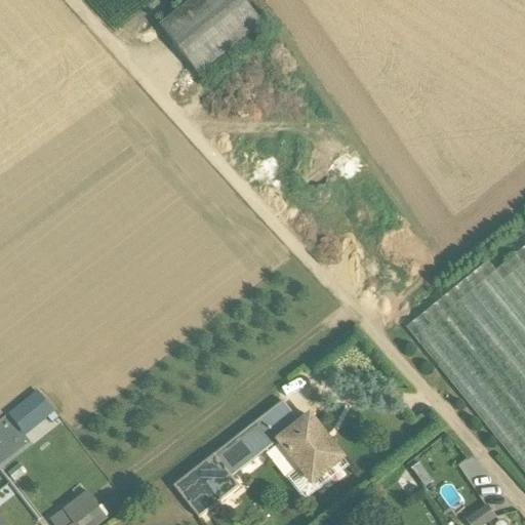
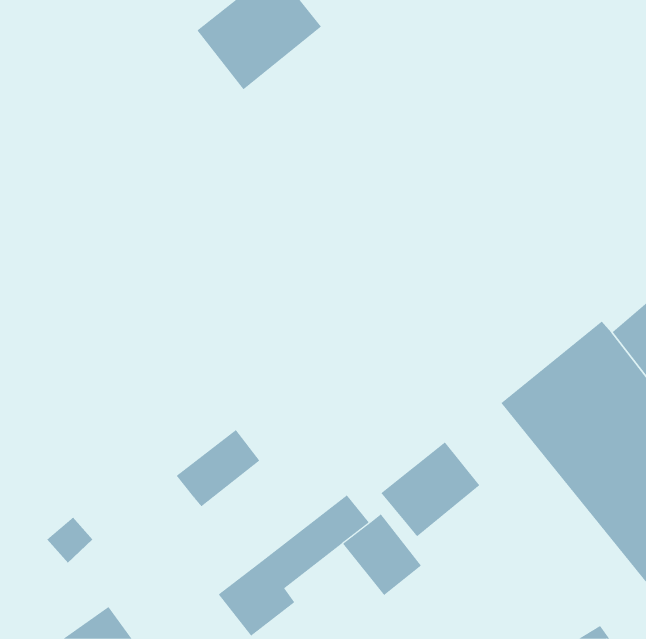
building: none -> [176,429,260,507]
building: none -> [380,441,480,537]
building: [16,390,54,428] -> [46,517,93,564]

